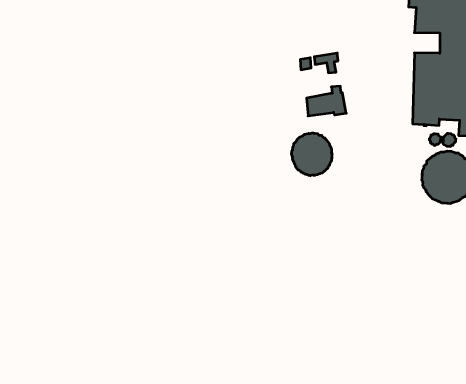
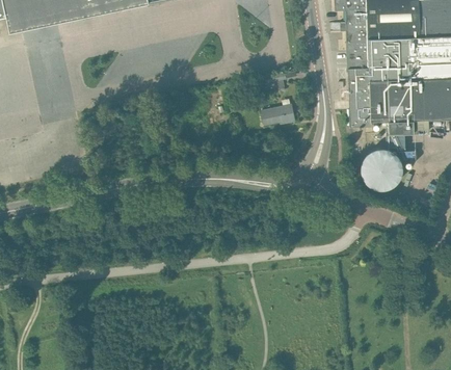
building: [292,133,332,176] -> none

